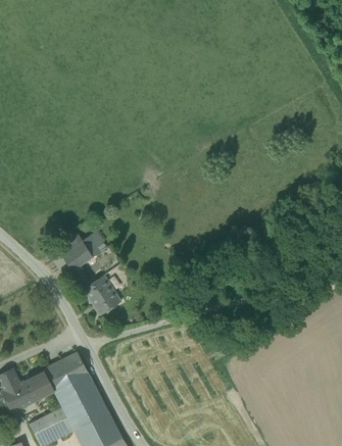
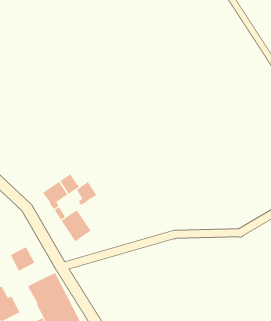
building: none -> [76,181,97,206]
building: [23,370,54,401] -> [10,246,35,272]

